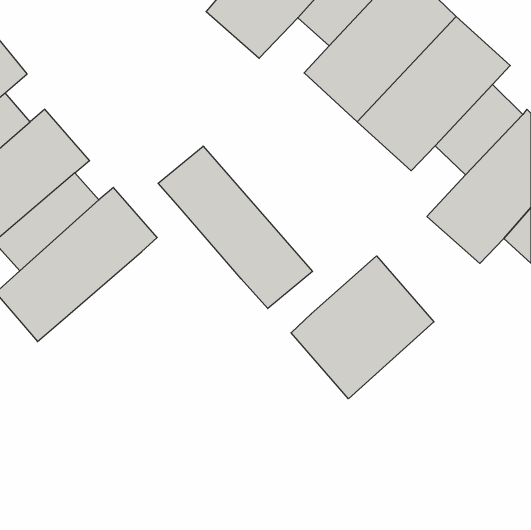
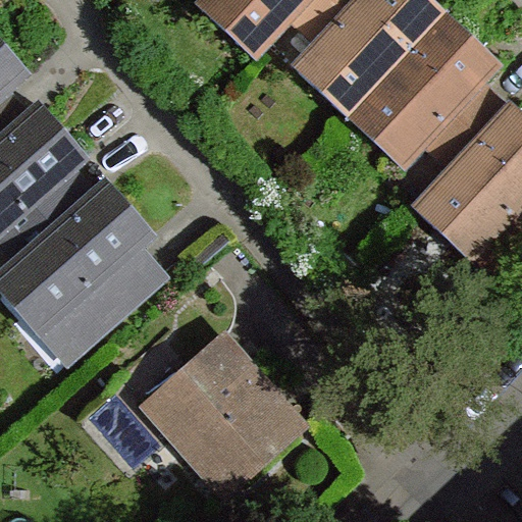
building: [158,146,313,309] -> none
building: none -> [59,247,166,347]
building: [291,256,434,399] -> none
building: none -> [148,340,303,485]

